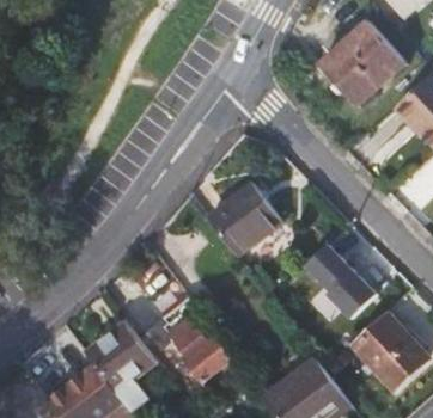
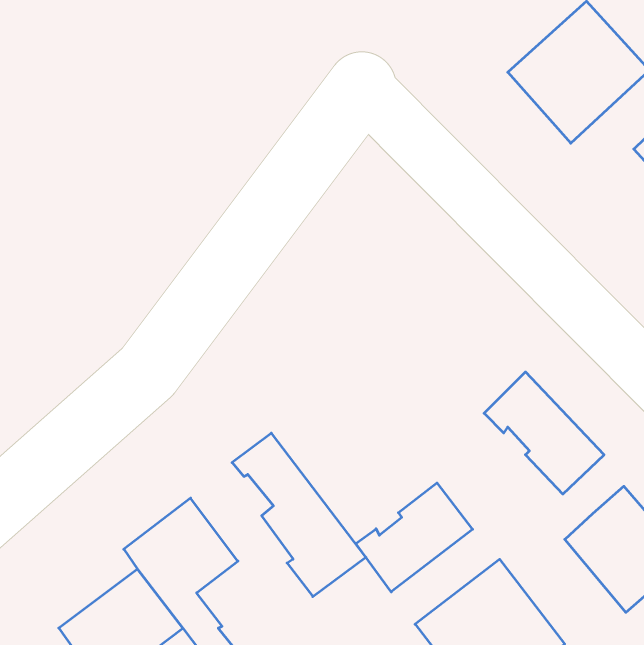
building: [207,183,282,257] -> none
building: none -> [356,483,473,592]

